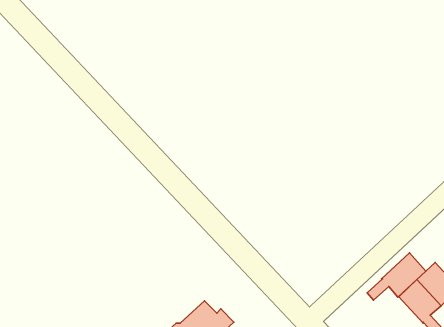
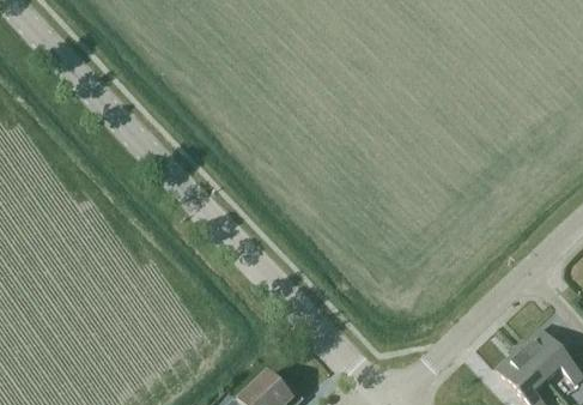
building: [367,253,426,300] -> none

